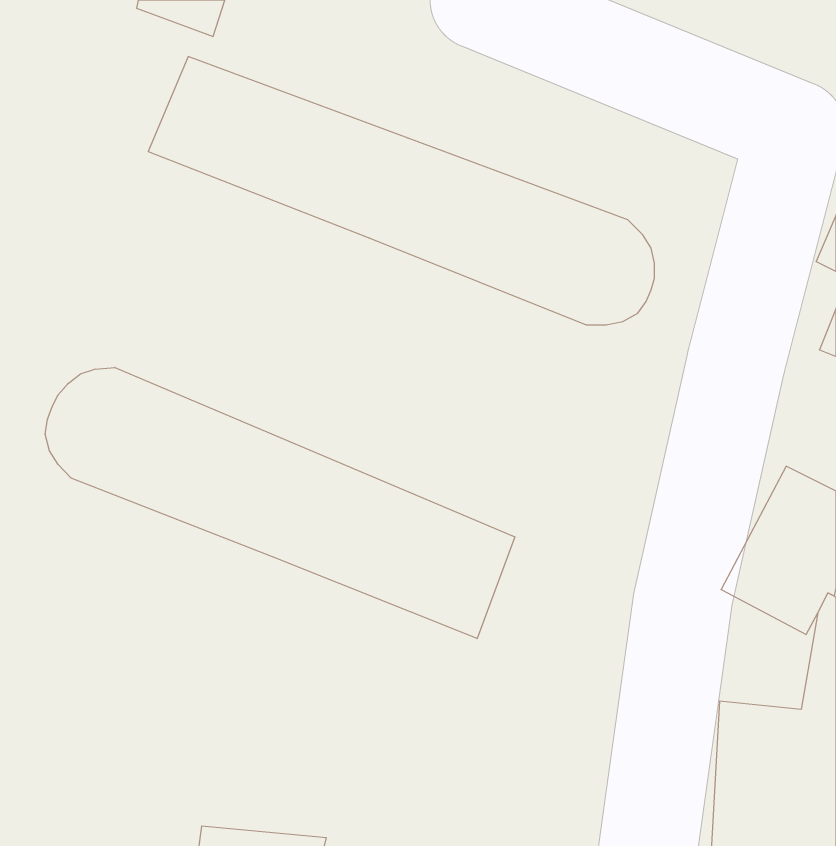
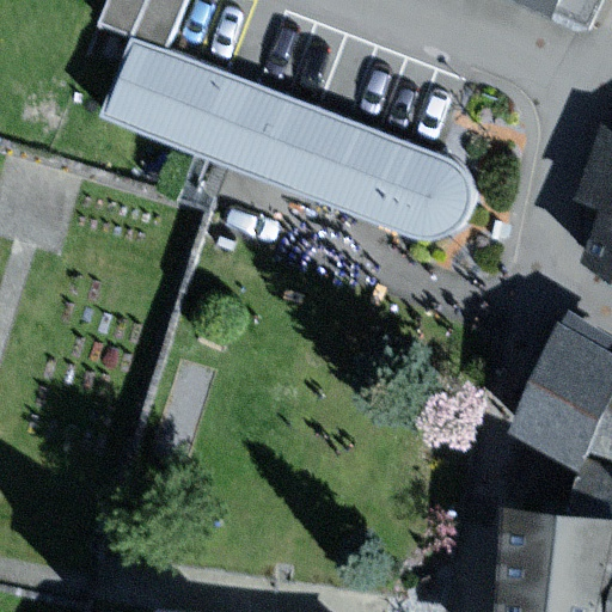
building: [45,367,515,639] -> none

